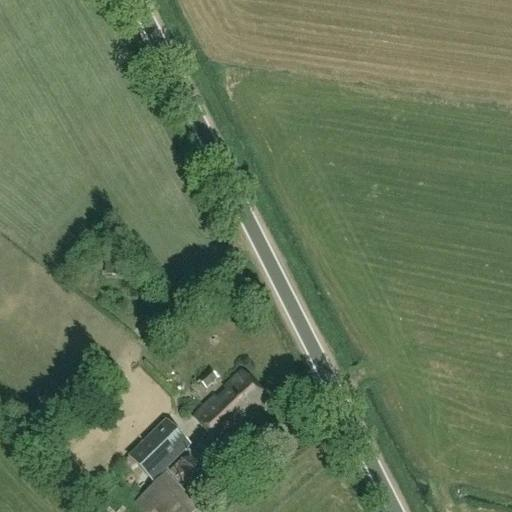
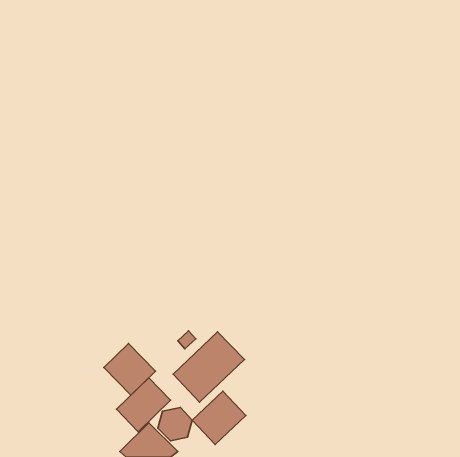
building: none -> [104,343,155,395]
building: none -> [192,391,246,444]

